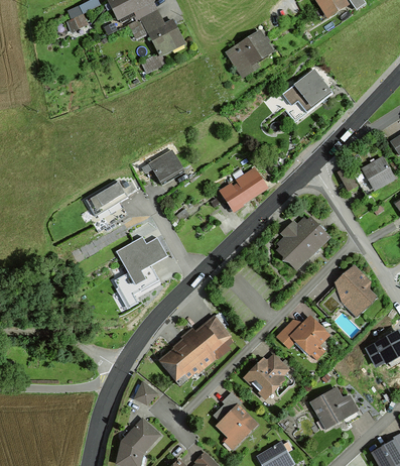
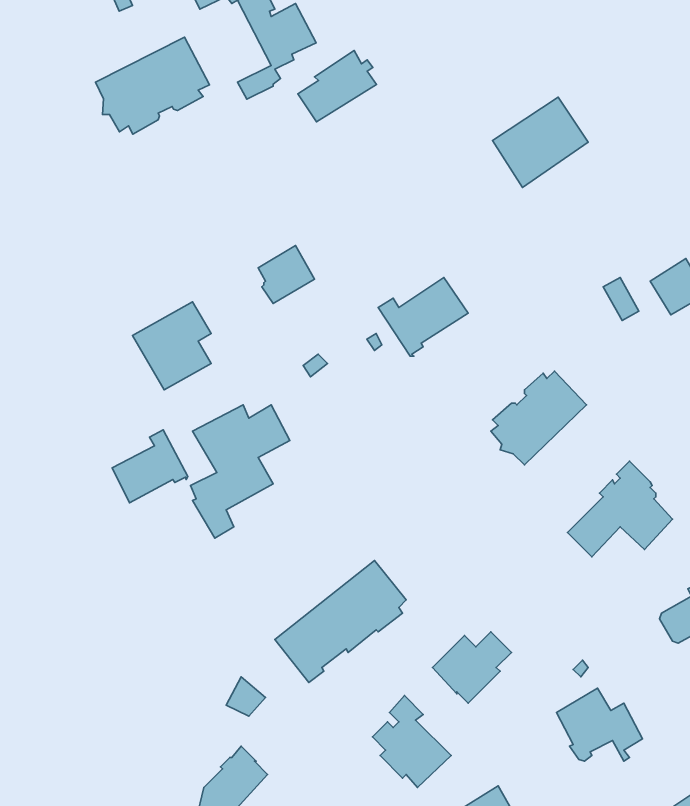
building: [229,32,271,71] -> [298,51,377,122]
building: none -> [95,37,209,134]
building: none -> [112,430,188,503]
building: [278,318,327,360] -> none

